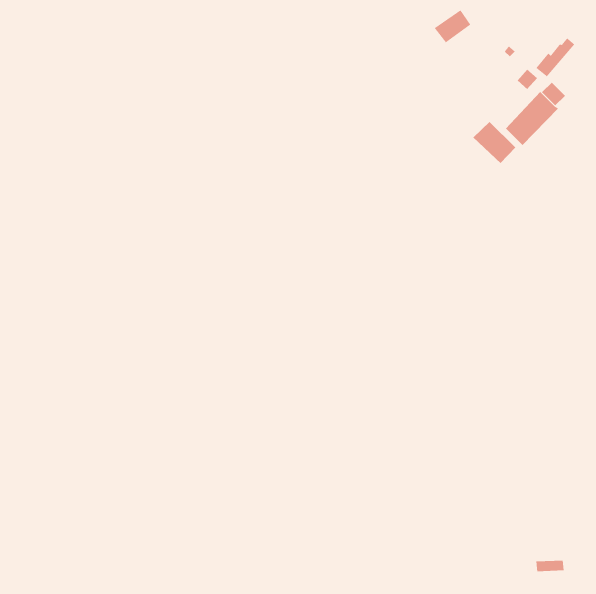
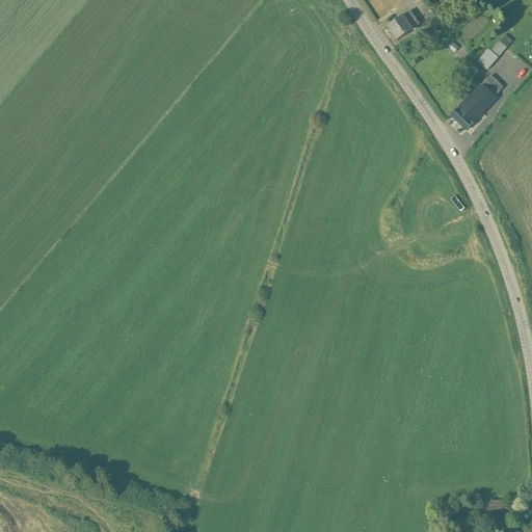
building: [473,121,516,164] -> none

